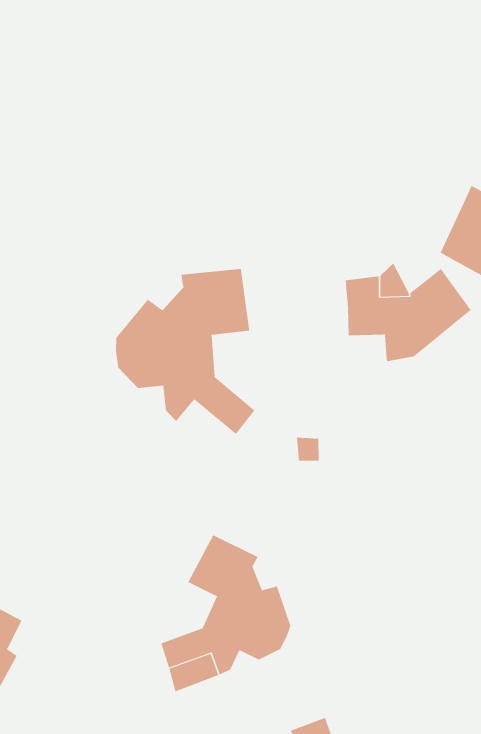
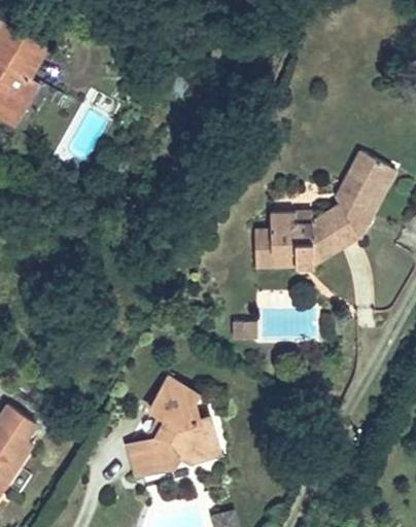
building: [116,268,255,435] -> none
building: none -> [254,230,296,265]

